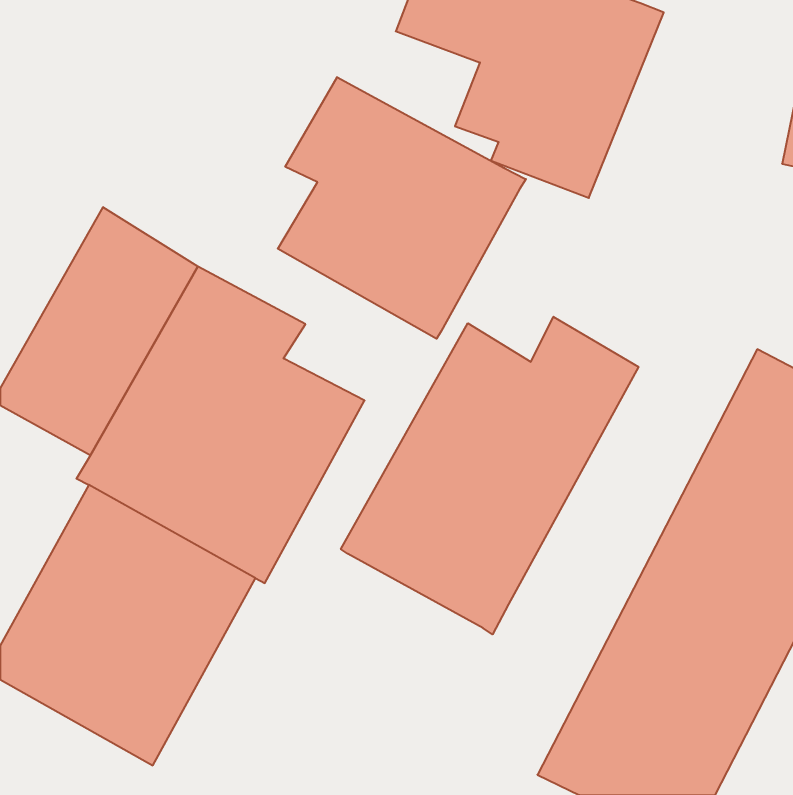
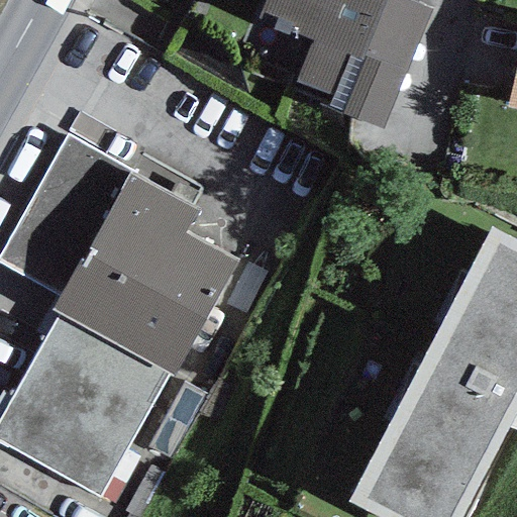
building: [278,77,526,339] -> none
building: [341,317,638,634] -> none

